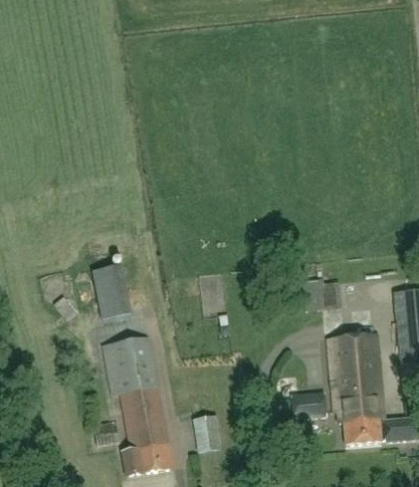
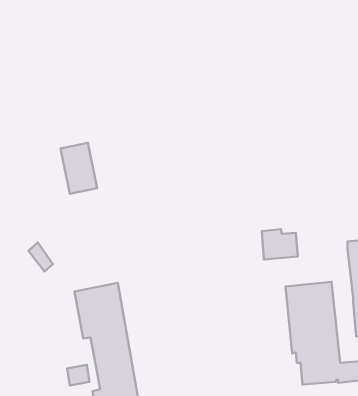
building: [92,264,132,318] -> [61,143,97,194]
building: [292,390,328,418] -> none
building: [194,415,221,450] -> none

